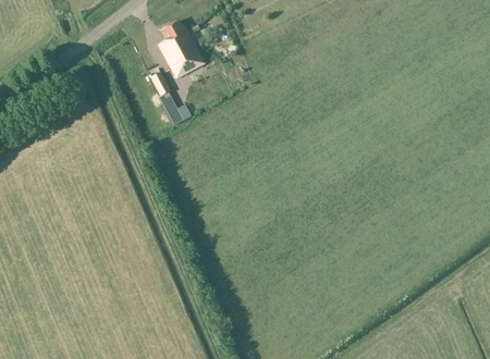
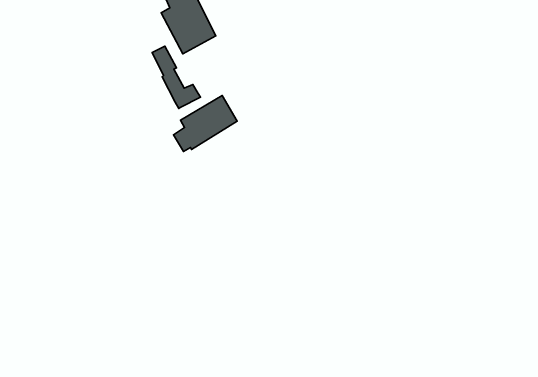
building: none -> [174,95,237,151]

